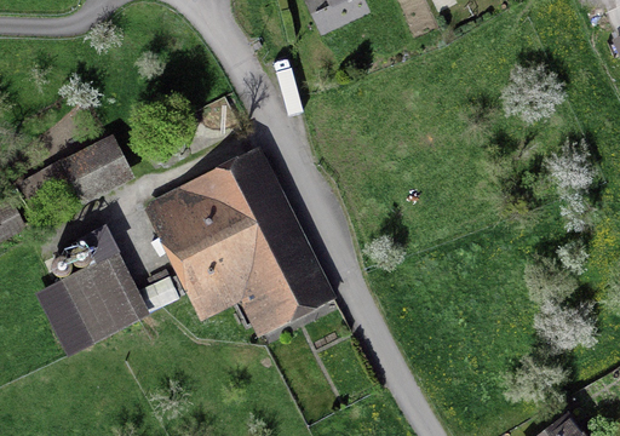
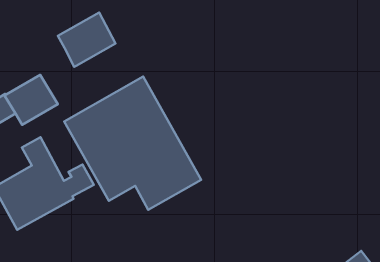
building: none -> [58,13,116,67]

